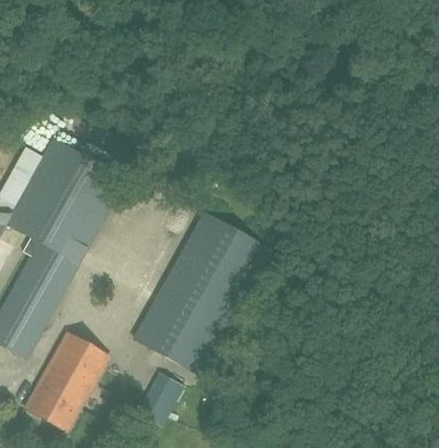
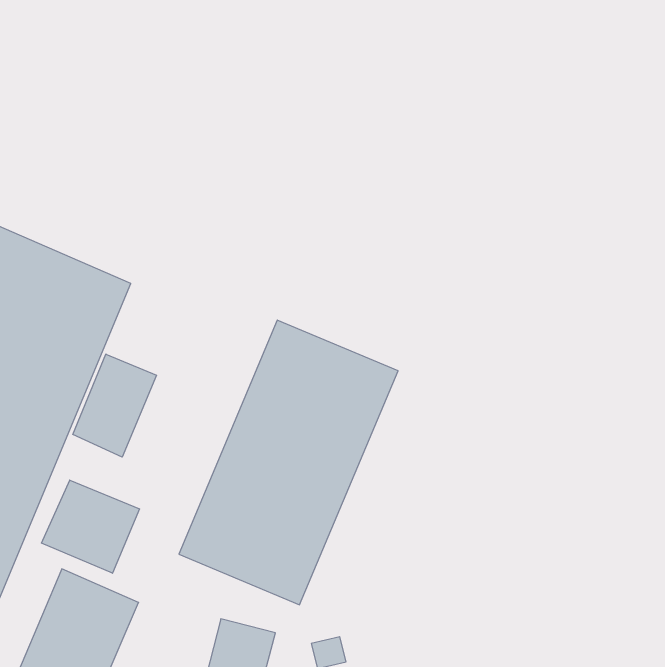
building: none -> [73,354,157,457]
building: none -> [41,480,140,573]

